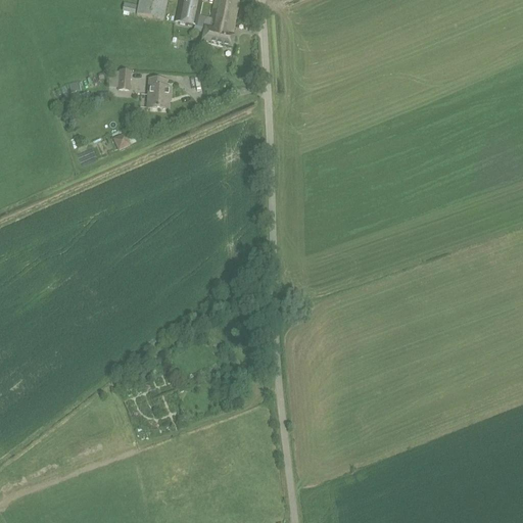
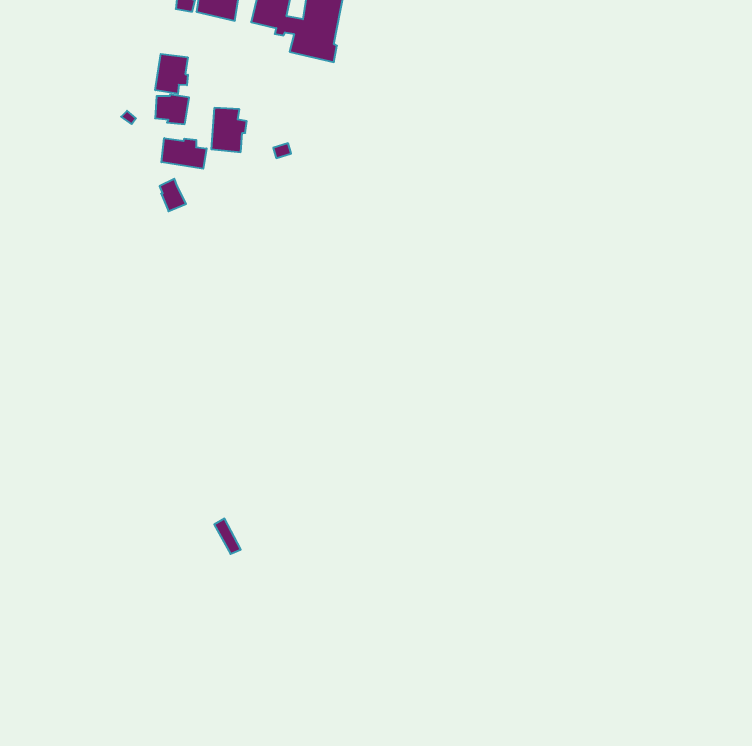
building: none -> [155,54,188,94]
building: none -> [161,138,207,169]

